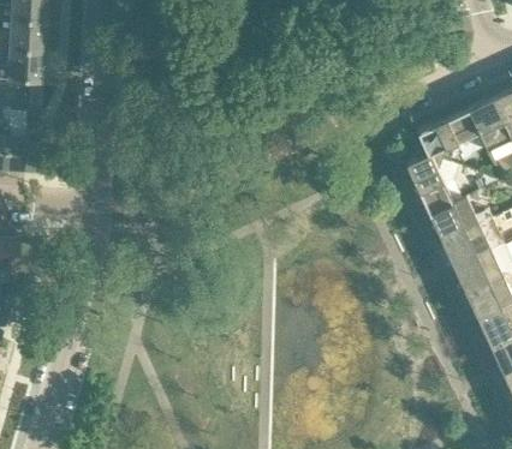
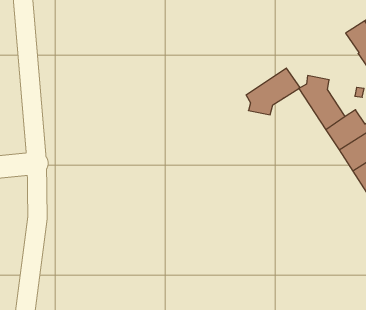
building: [418,109,481,160] -> [246,68,300,115]

